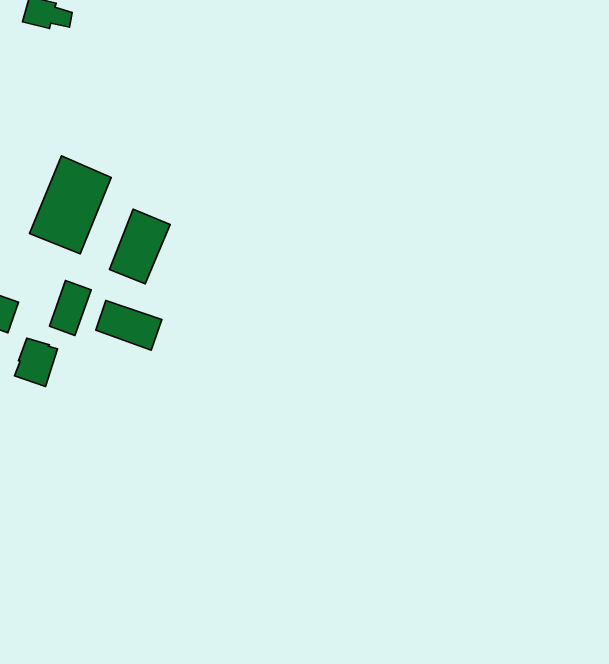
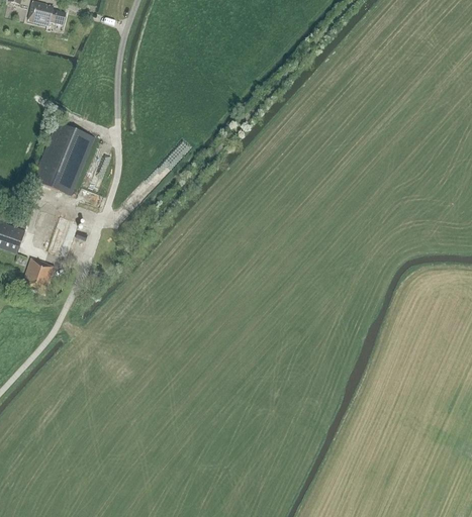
building: [110,209,170,284] -> none
building: [96,301,162,350] -> none

